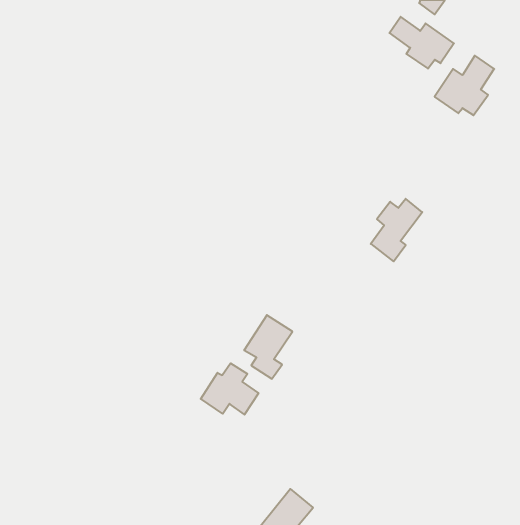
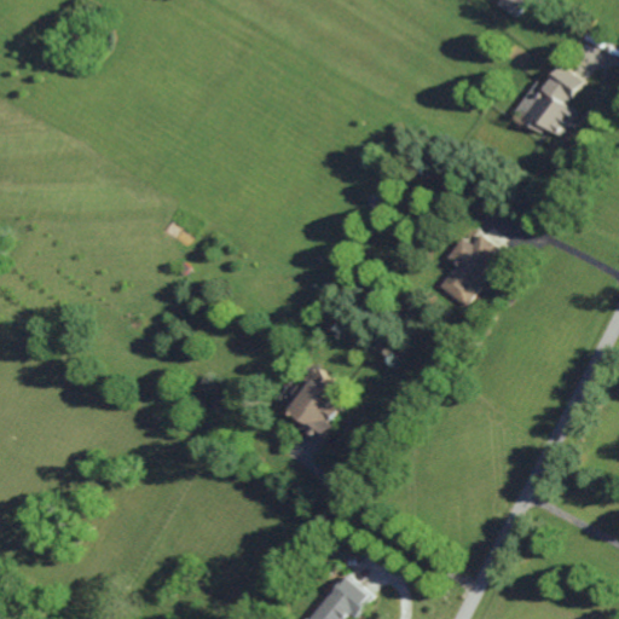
building: [389,17,454,69] -> none
building: [201,363,258,415] -> none

